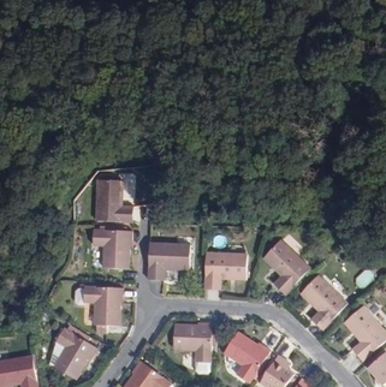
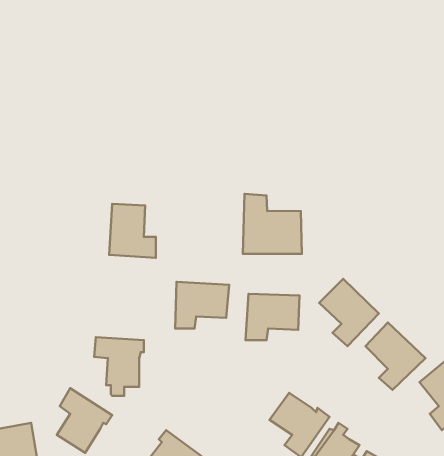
building: none -> [243,194,302,254]
building: [91,230,131,268] -> none
building: [172,321,215,373] -> none

